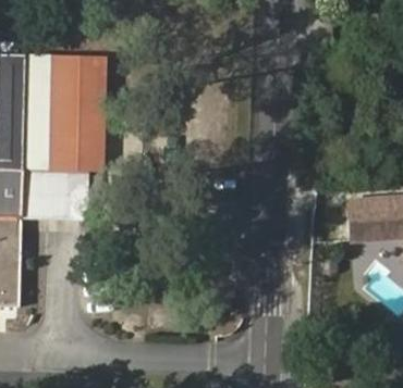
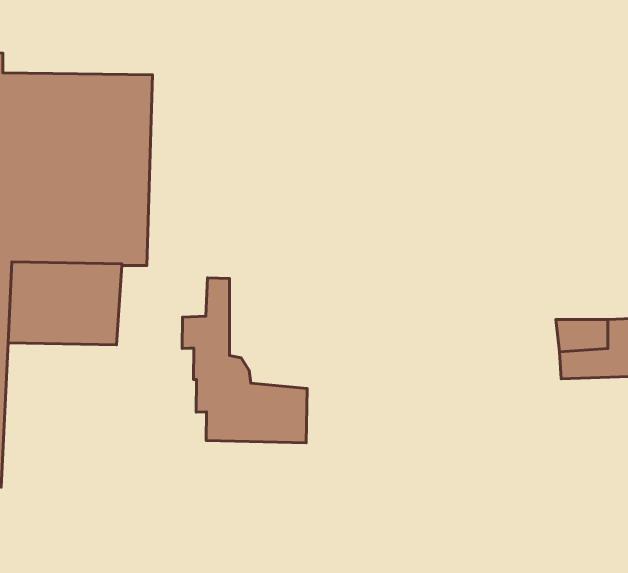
building: none -> [182,278,307,443]

